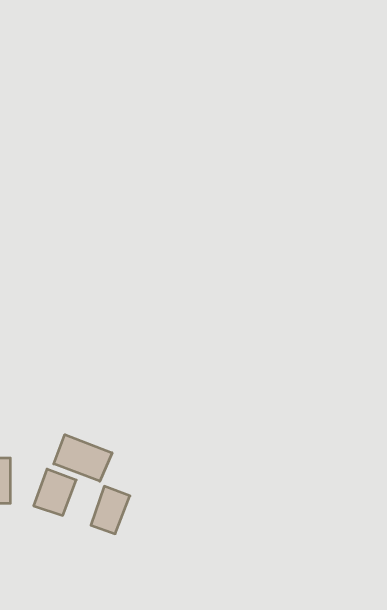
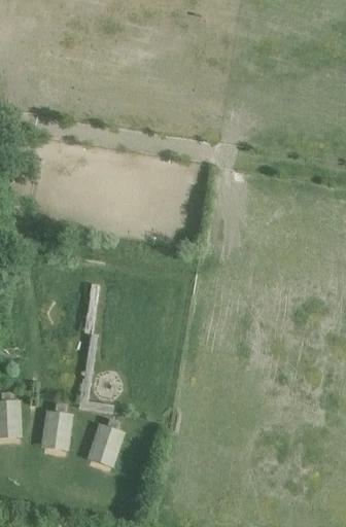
building: [54,435,112,481] -> none

